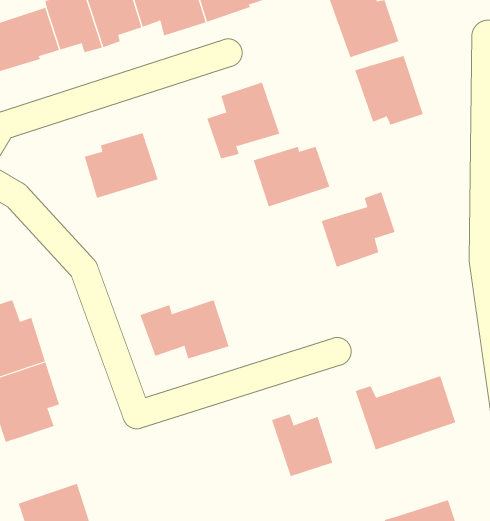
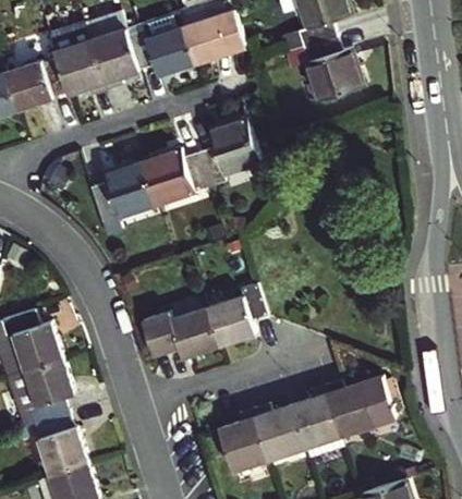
building: [355,55,424,125] -> none
building: [253,146,330,207] -> [142,150,208,203]
building: [321,192,396,268] -> [203,281,267,346]
building: none -> [292,385,344,460]
building: none -> [219,410,268,471]
building: none -> [29,415,85,477]

